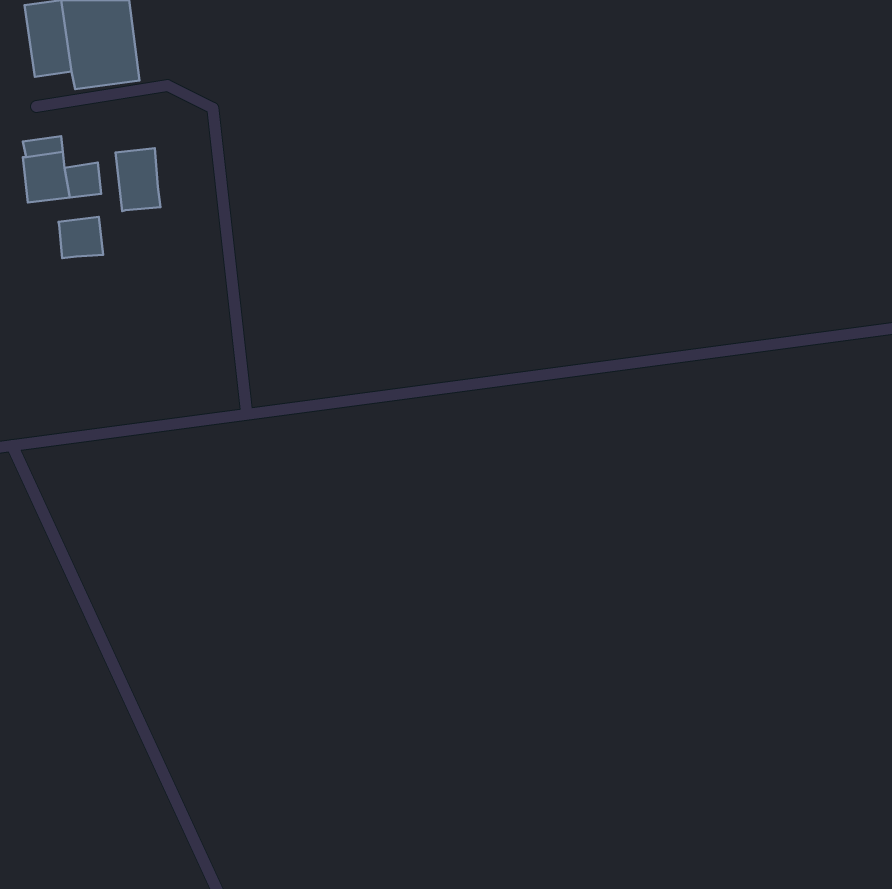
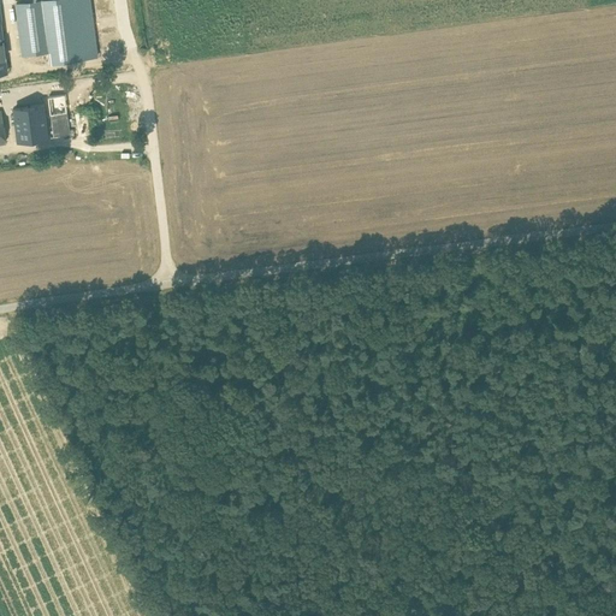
building: [115,148,160,211] -> none
building: [58,217,103,258] -> none

